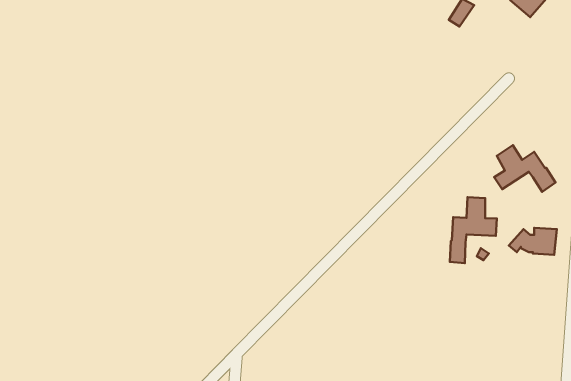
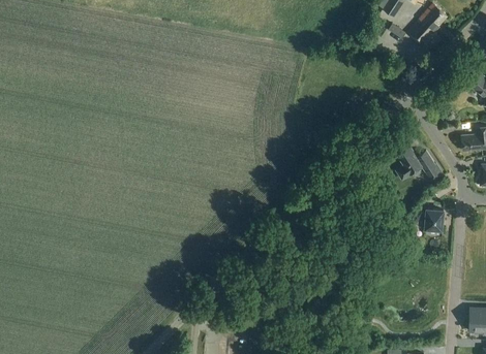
building: [450,197,497,263] -> none

